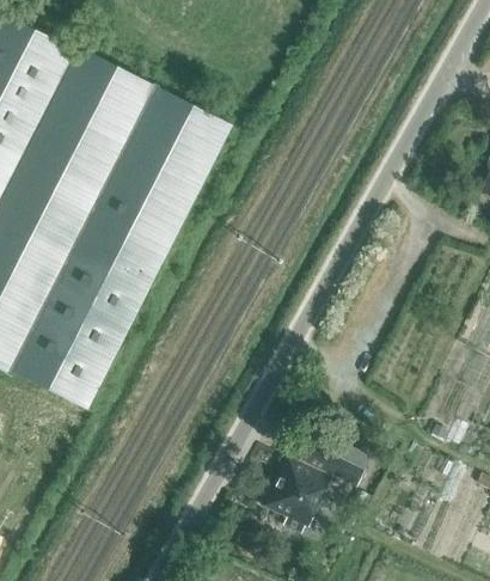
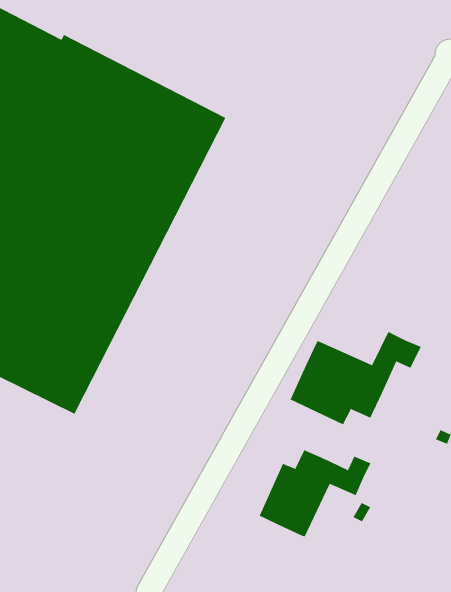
building: none -> [290,331,421,425]

